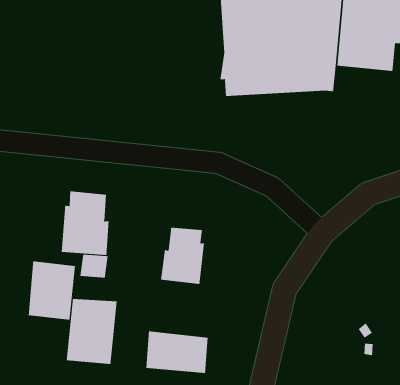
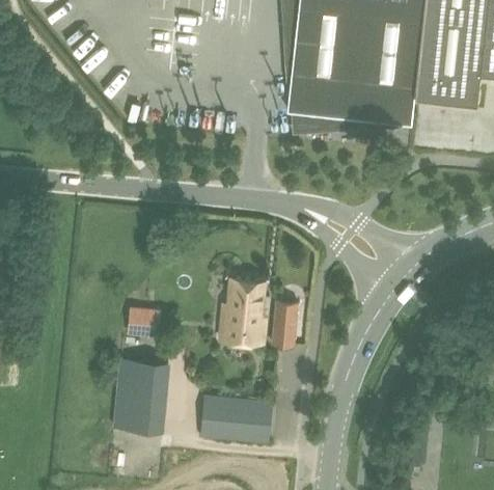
building: [61,191,109,256] -> none
building: none -> [272,299,299,345]
building: [28,260,76,321] -> none

